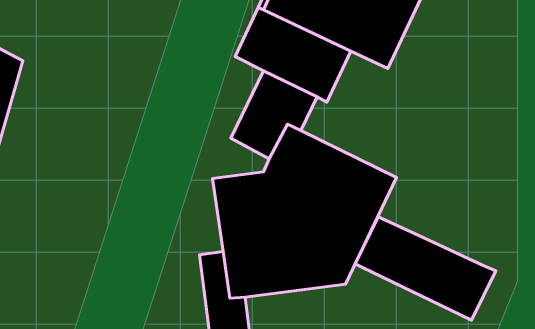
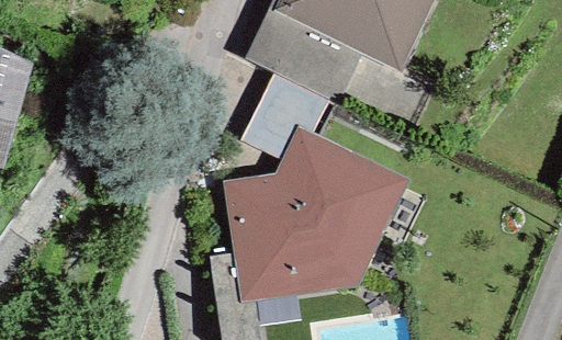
building: [355,217,496,320] -> none

